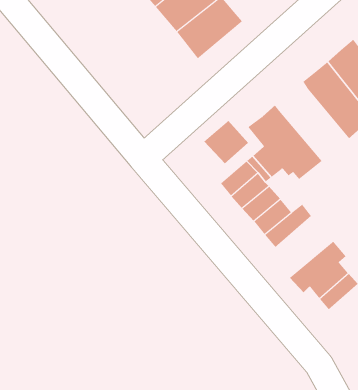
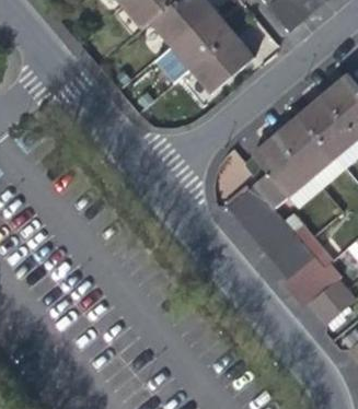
building: none -> [278,115,346,187]
building: none -> [278,237,343,294]

